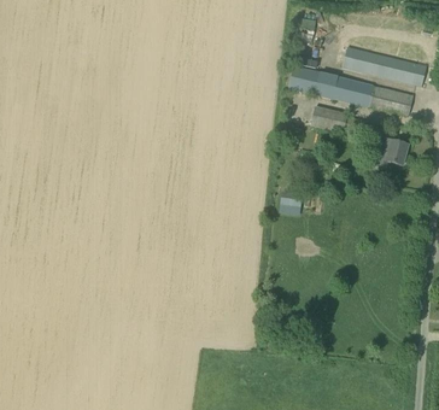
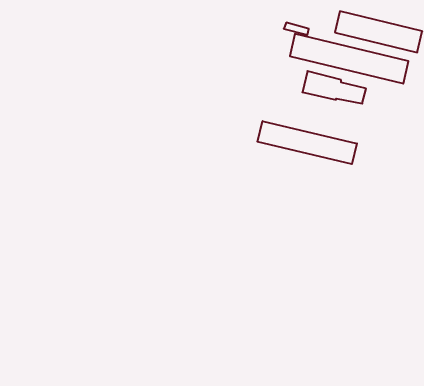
building: [375,136,408,164] -> none
building: none -> [257,121,357,164]

